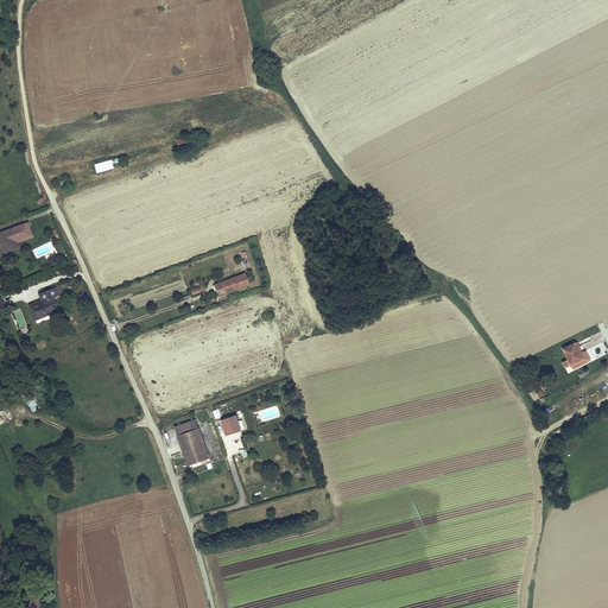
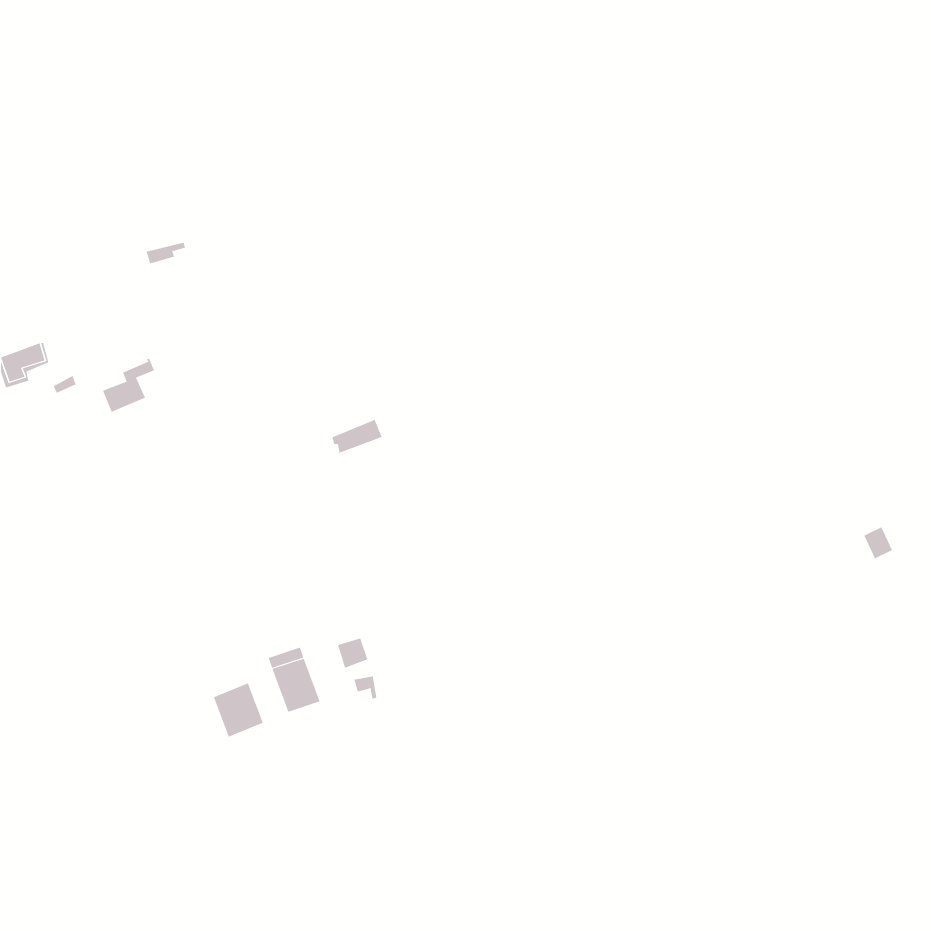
building: [30,284,64,319] -> [102,358,155,412]
building: none -> [213,682,264,738]

